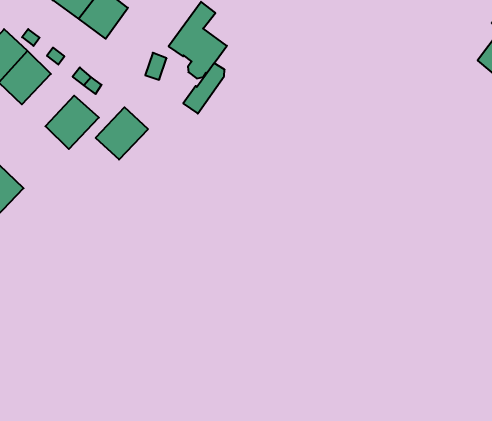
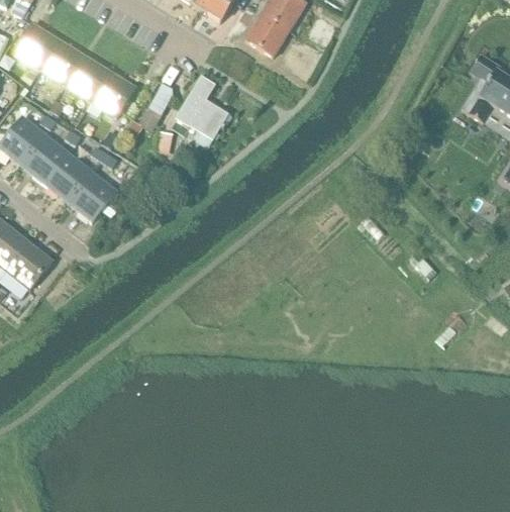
building: [183,63,225,114] -> [136,83,172,130]
building: [96,107,148,160] -> [44,152,92,201]

